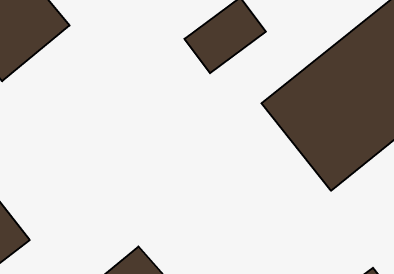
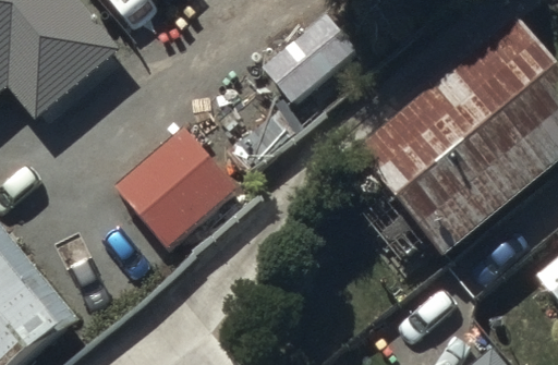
building: none -> [112,126,236,250]

